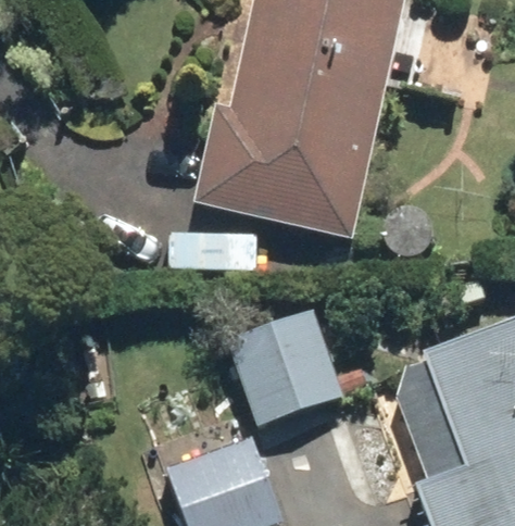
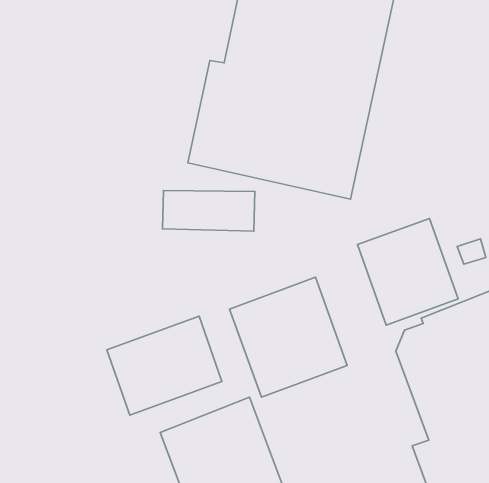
building: none -> [358,218,458,325]
building: none -> [107,316,222,415]

